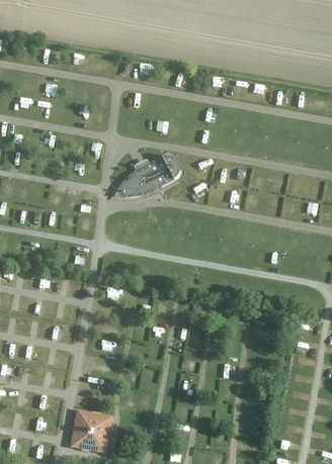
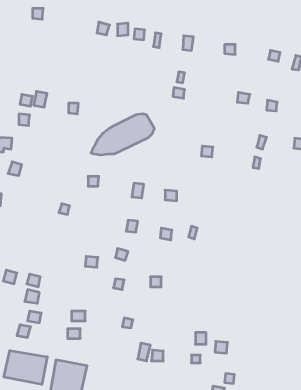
building: none -> [4,351,47,384]

